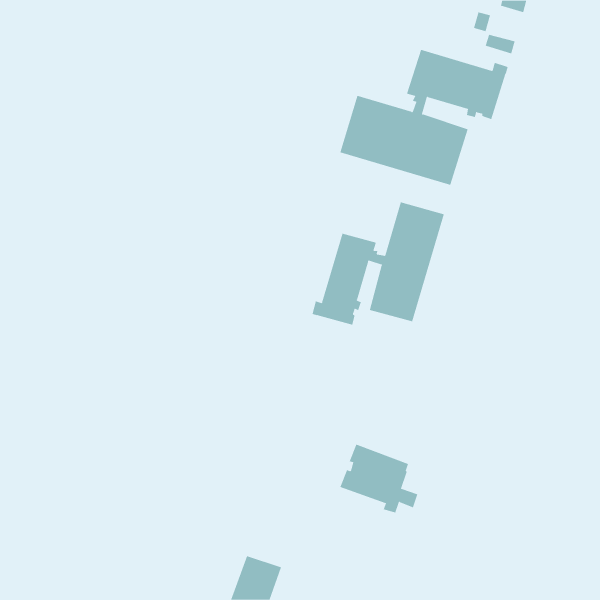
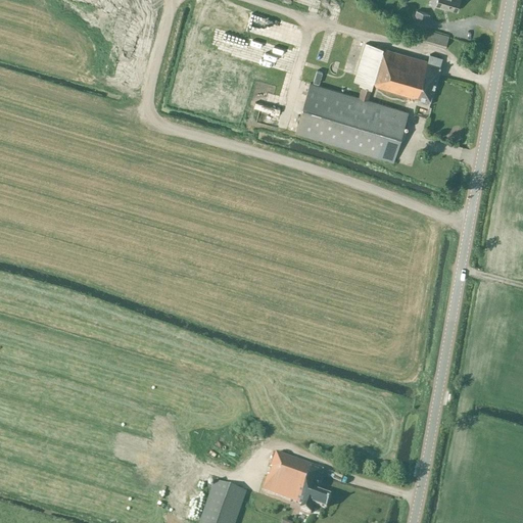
building: [312,202,444,326] -> none
building: [340,444,418,513] -> [262,454,330,514]

